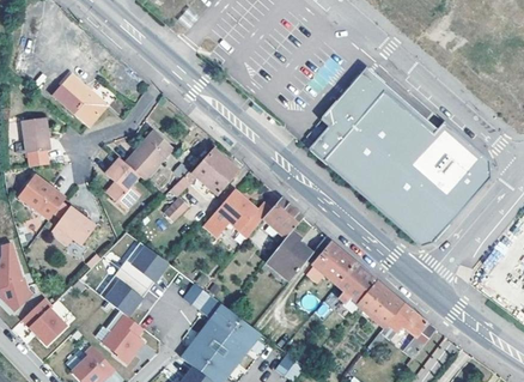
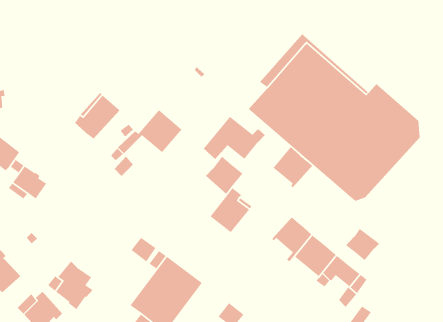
building: [53,72,109,125] -> none
building: [103,157,138,207] -> none
building: [203,190,270,237] -> [203,116,266,160]
building: [311,242,354,286] -> [272,146,313,188]
building: [99,243,167,316] -> none
building: none -> [345,228,380,261]

